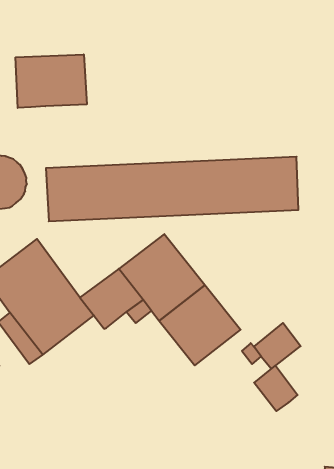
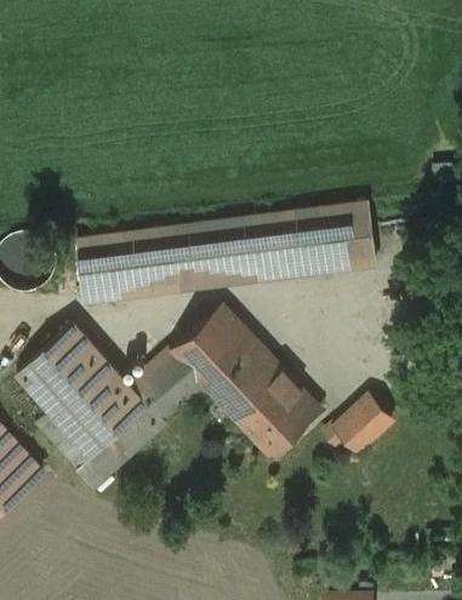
building: [16,54,87,108] -> none
building: none -> [78,406,166,487]
building: [254,366,298,411] -> none

